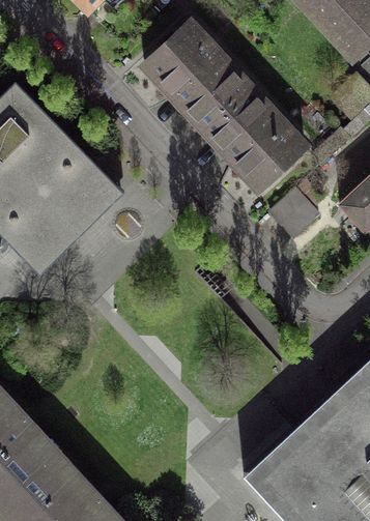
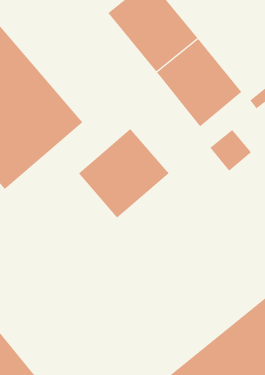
building: none -> [78,128,169,219]

